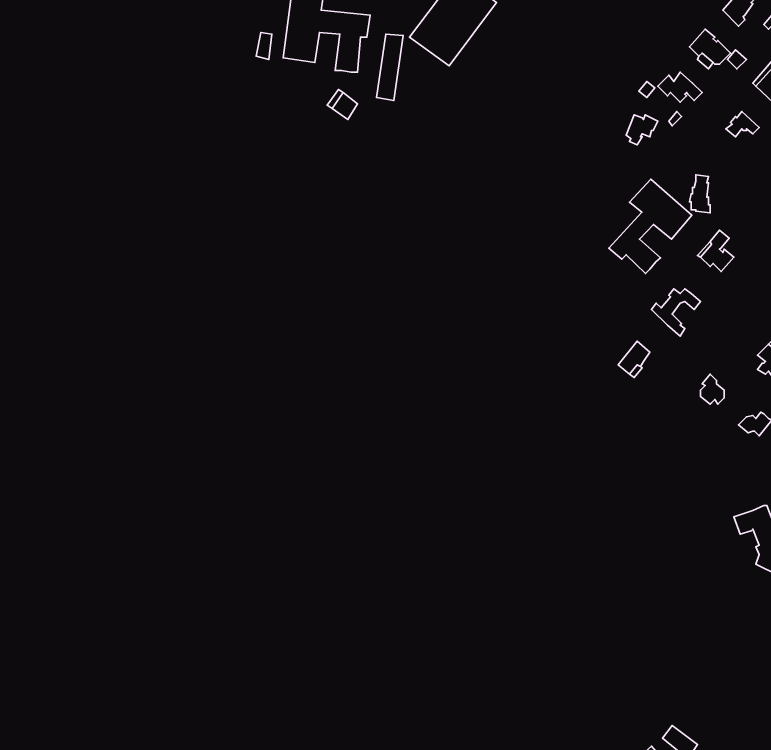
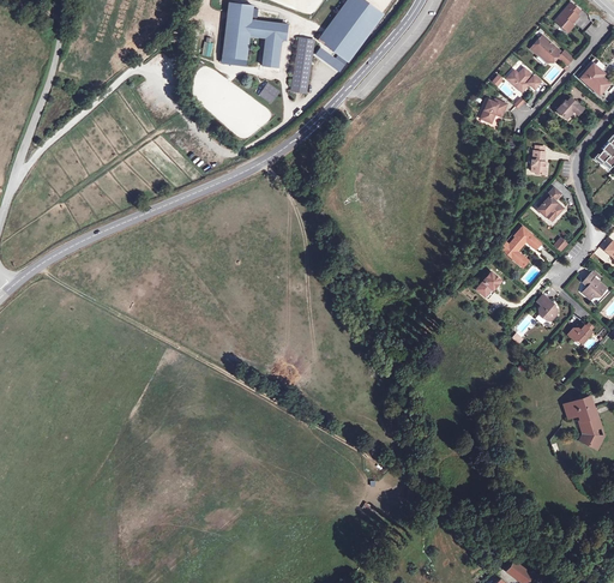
building: [609,179,692,274] -> none

